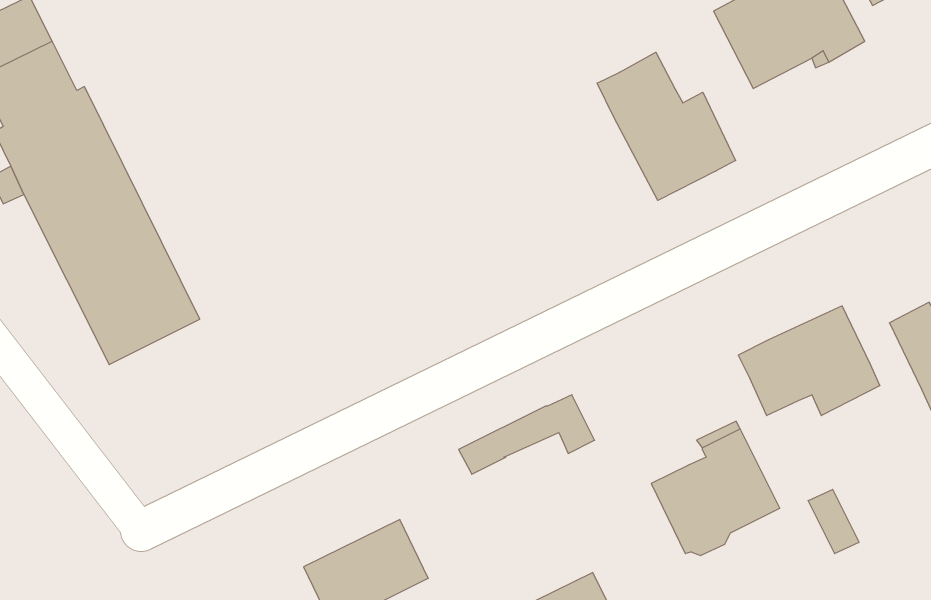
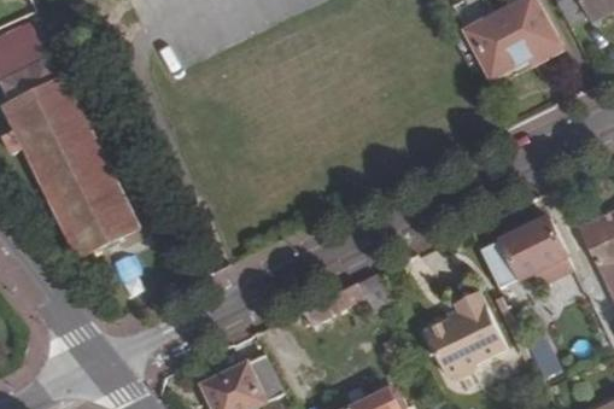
building: [597,52,736,200] -> none

